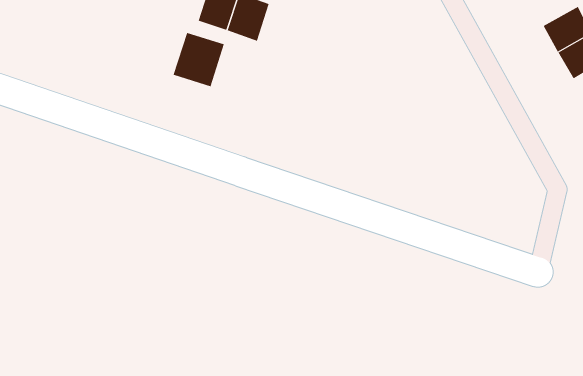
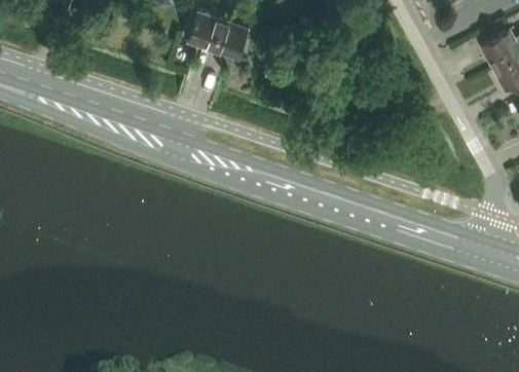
building: [173,32,225,87] -> none

